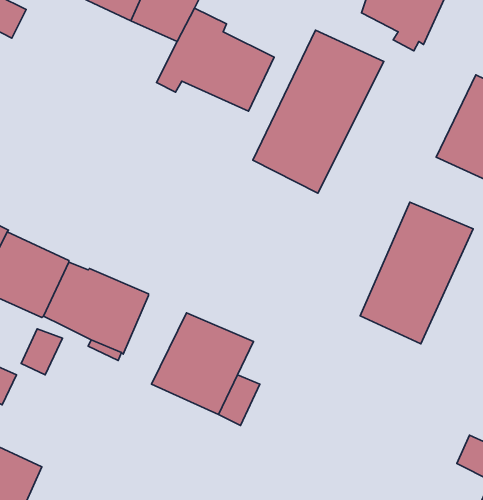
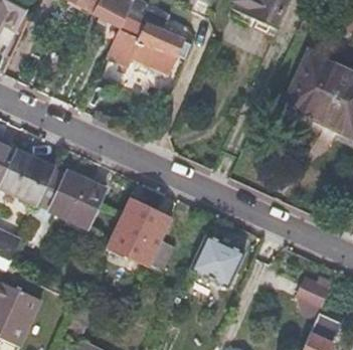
building: [253,30,384,193] -> none
building: [360,202,473,344] -> none
building: none -> [188,234,242,289]

